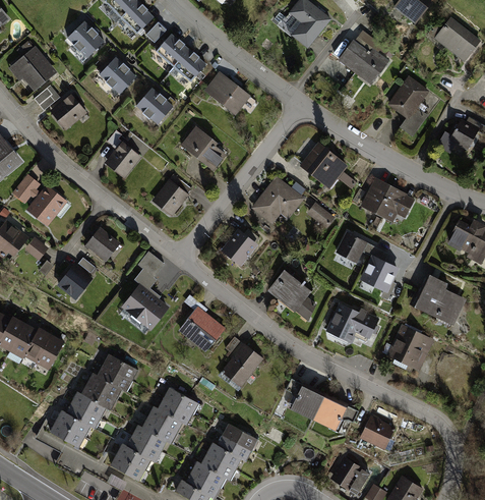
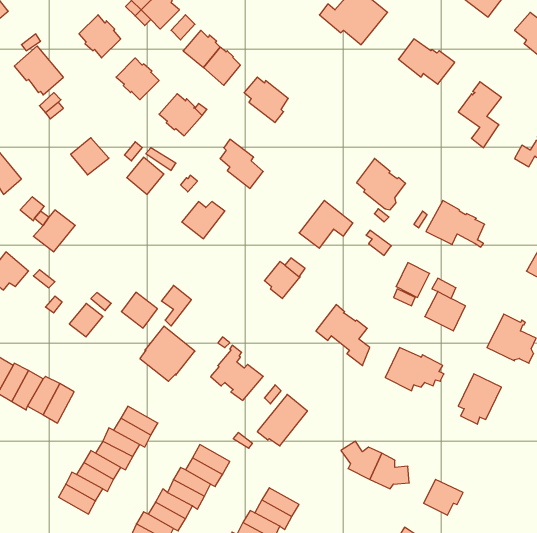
building: [54,95,86,126] -> [71,138,109,175]
building: [87,228,118,259] -> [121,292,157,328]

